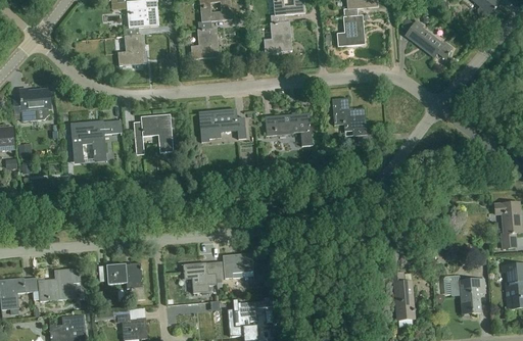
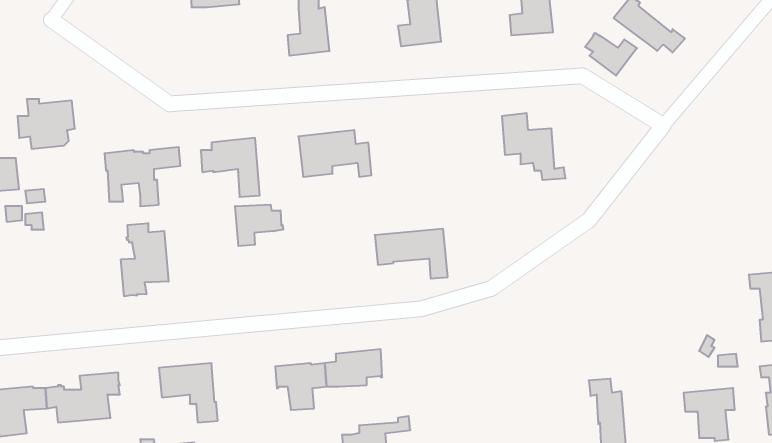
building: [117,28,145,65] -> none
building: none -> [585,33,637,76]
building: [265,112,313,145] -> [375,229,448,279]
building: none -> [235,205,283,246]
building: none -> [121,223,168,296]

